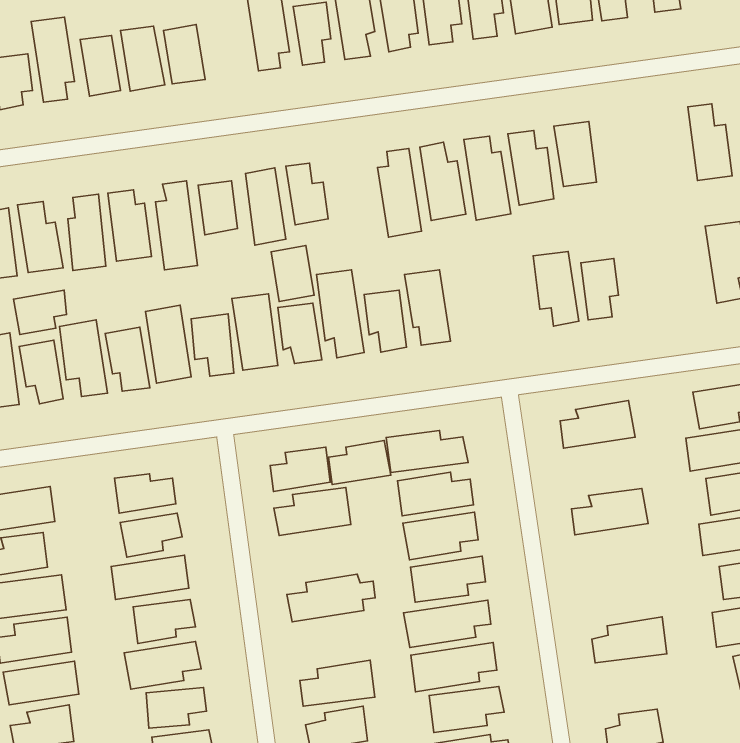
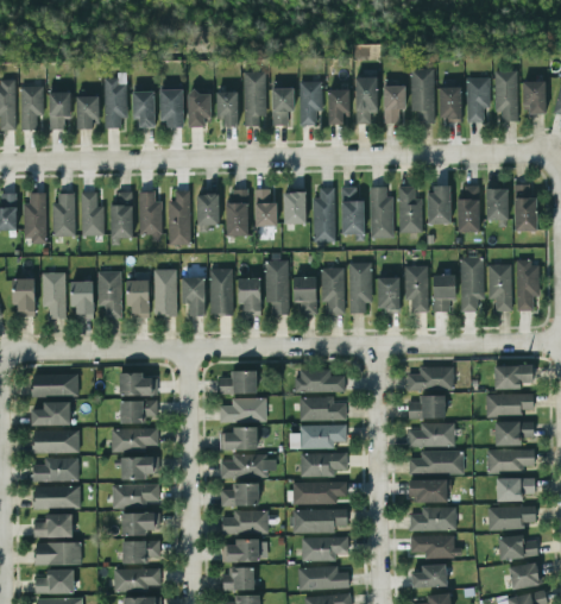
building: none -> [216,92,238,127]
building: none -> [486,188,509,220]
building: none -> [459,185,480,232]
building: none -> [460,258,484,313]
building: none -> [488,265,512,312]
building: [271,246,314,301] -> [283,191,307,225]
building: none -> [349,263,372,314]
building: none -> [377,277,401,310]
building: [14,290,67,334] -> none
building: [328,440,391,485] -> [220,427,258,451]
building: none -> [409,396,446,420]
building: none -> [409,451,464,473]
building: none -> [409,480,447,502]
building: none -> [220,483,259,507]
building: none -> [410,535,456,559]

